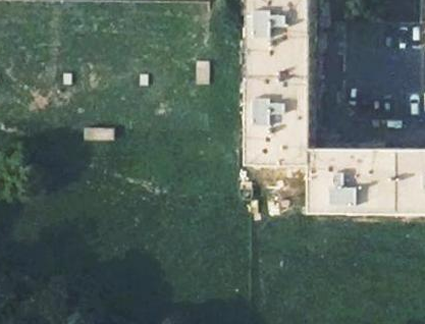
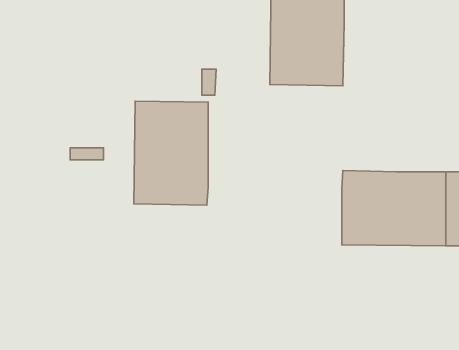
building: [249,74,312,163] -> [134,101,208,205]

